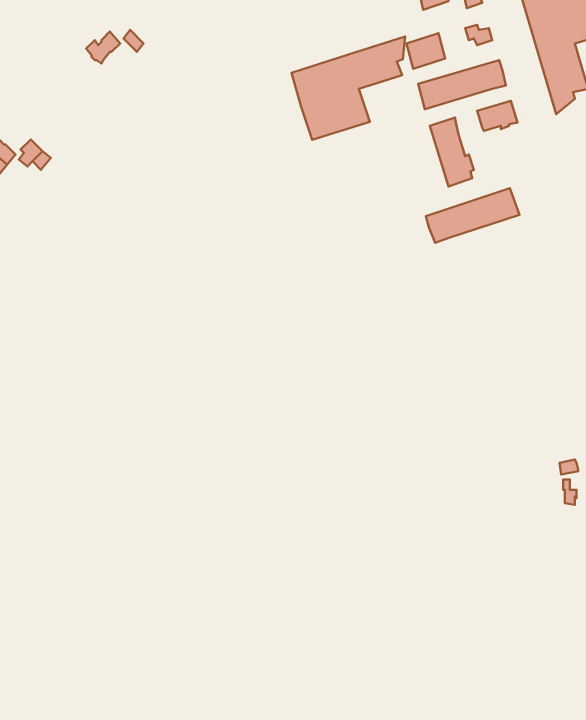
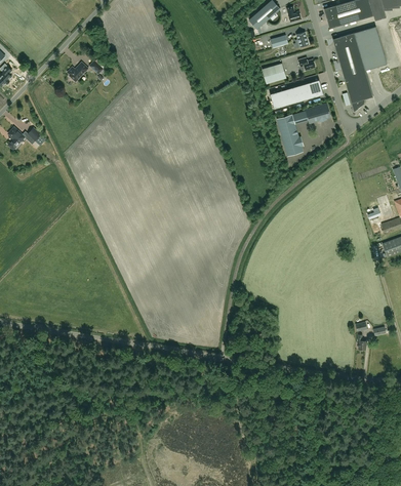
building: [292,37,405,140] -> none
building: [426,188,519,243] -> none

